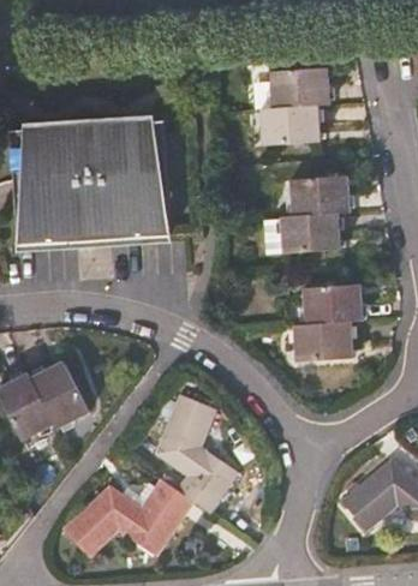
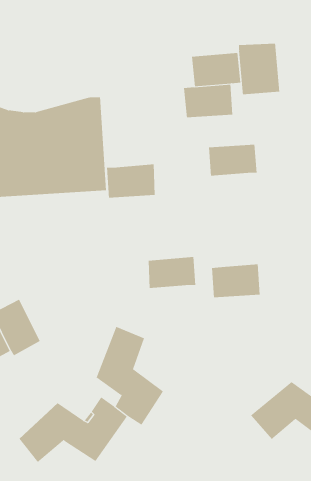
building: none -> [239,43,280,95]
building: [281,211,340,252] -> [106,164,155,198]
building: [305,285,363,323] -> [148,256,196,289]

